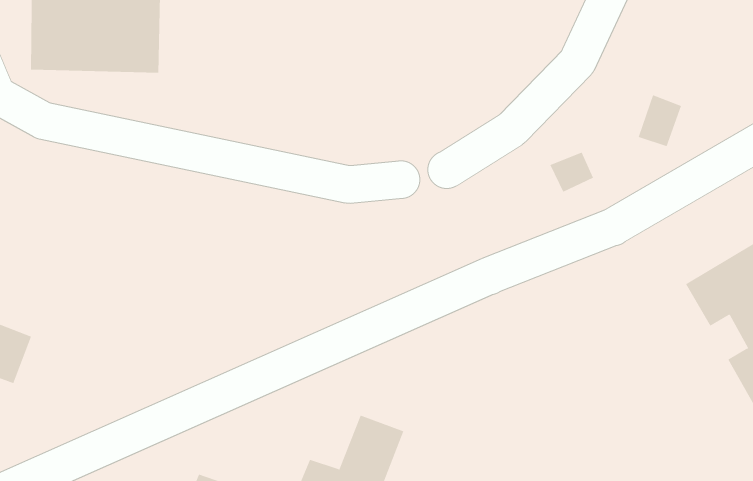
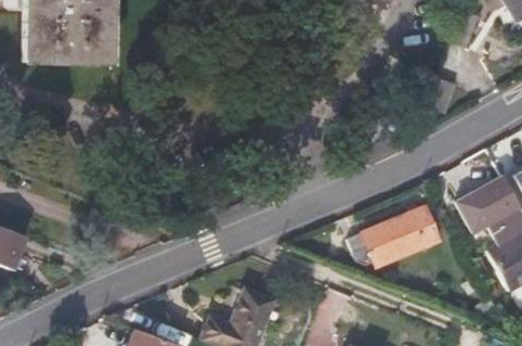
building: none -> [354,206,443,265]

